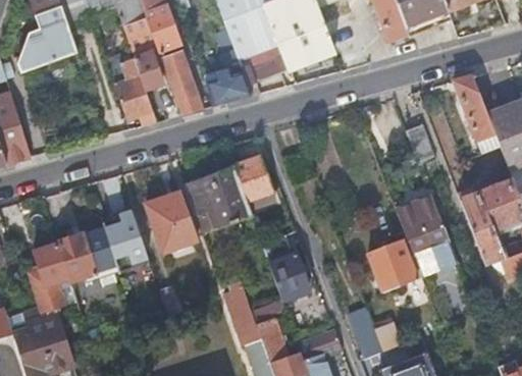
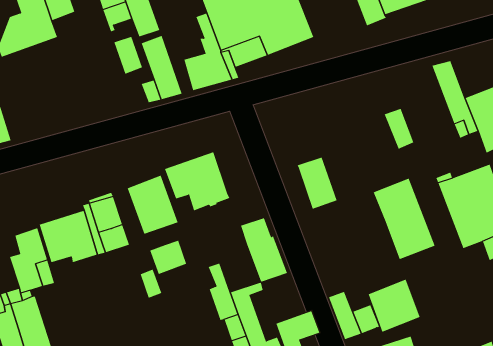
building: [114,57,153,119] -> none
building: [233,156,274,209] -> [297,157,337,210]
building: [368,237,421,291] -> [368,279,420,332]
building: none -> [149,240,187,275]

